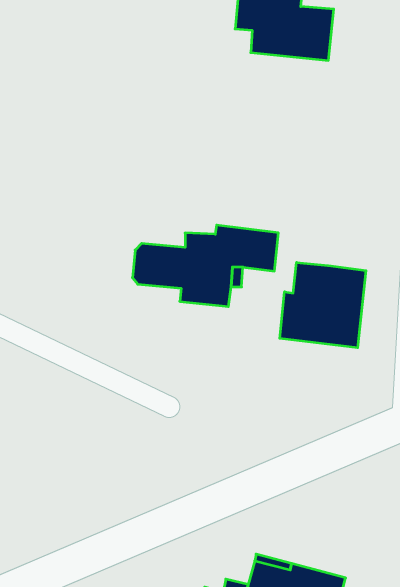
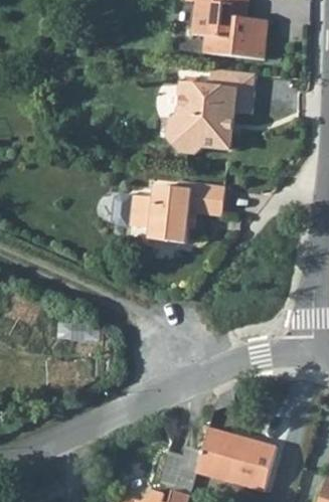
building: none -> [168,65,256,150]
building: [280,262,366,348] -> none

